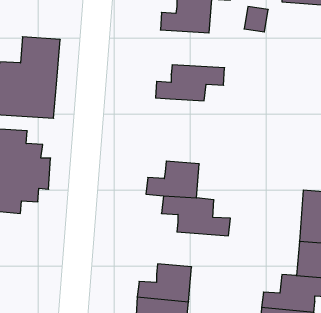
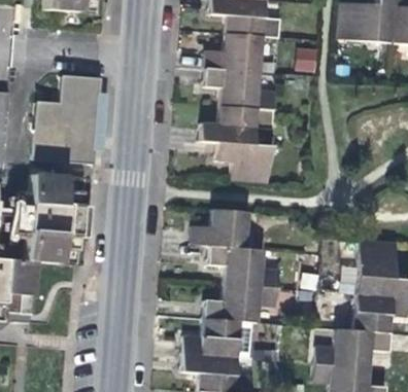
building: none -> [205,69,277,109]
building: none -> [215,142,273,182]
building: none -> [204,283,279,321]

